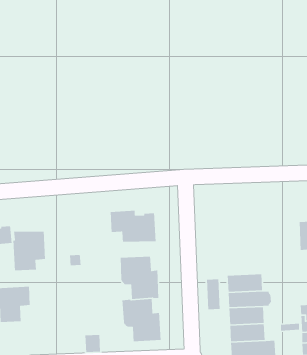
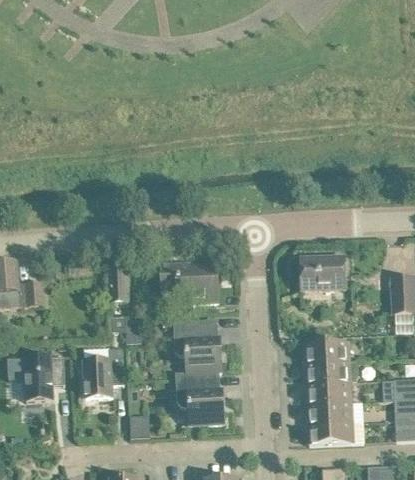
building: none -> [301,255,345,289]
building: none -> [109,270,128,300]
building: [12,231,46,271] -> [83,348,124,397]
building: [206,278,221,310] -> none

